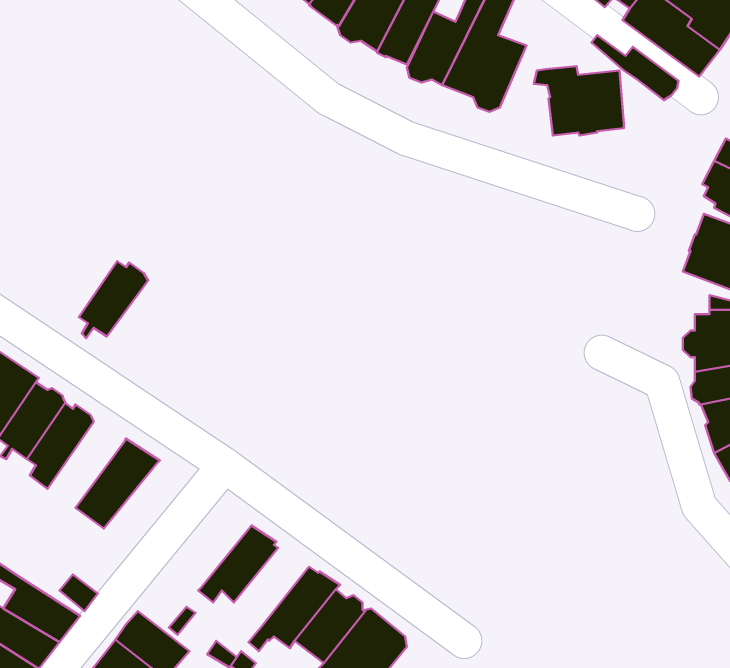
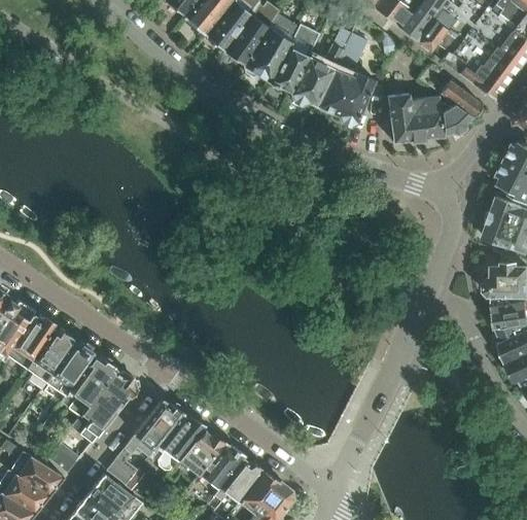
building: none -> [442,102,471,134]
building: [79,261,148,338] -> [47,341,96,394]
building: none -> [72,370,138,442]
building: none -> [119,400,184,460]
building: none -> [167,428,223,483]

